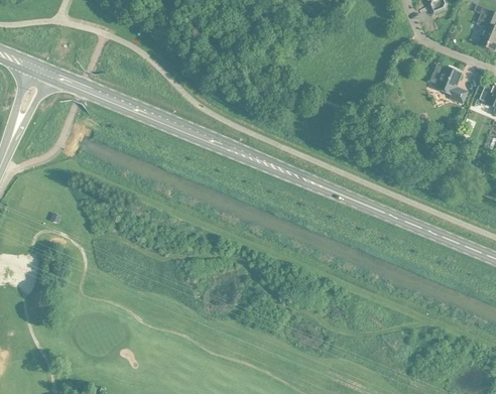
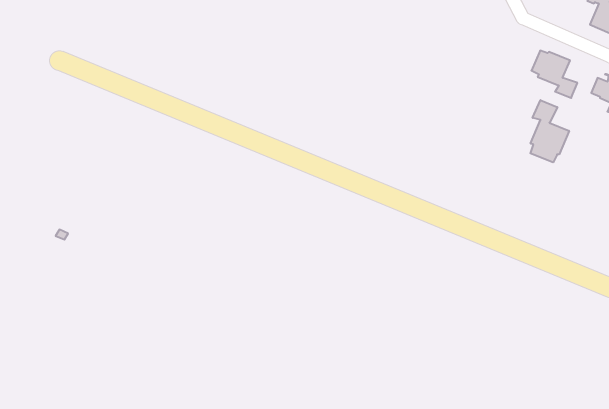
building: none -> [530,100,569,162]

